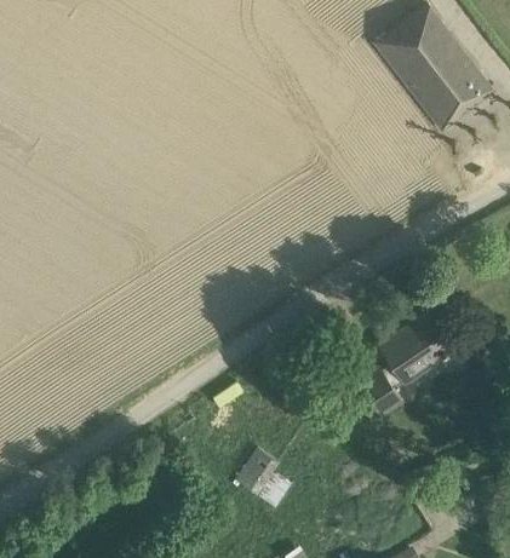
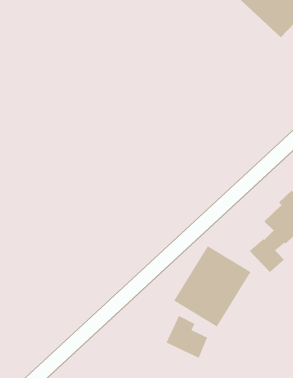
building: none -> [173,245,252,328]

